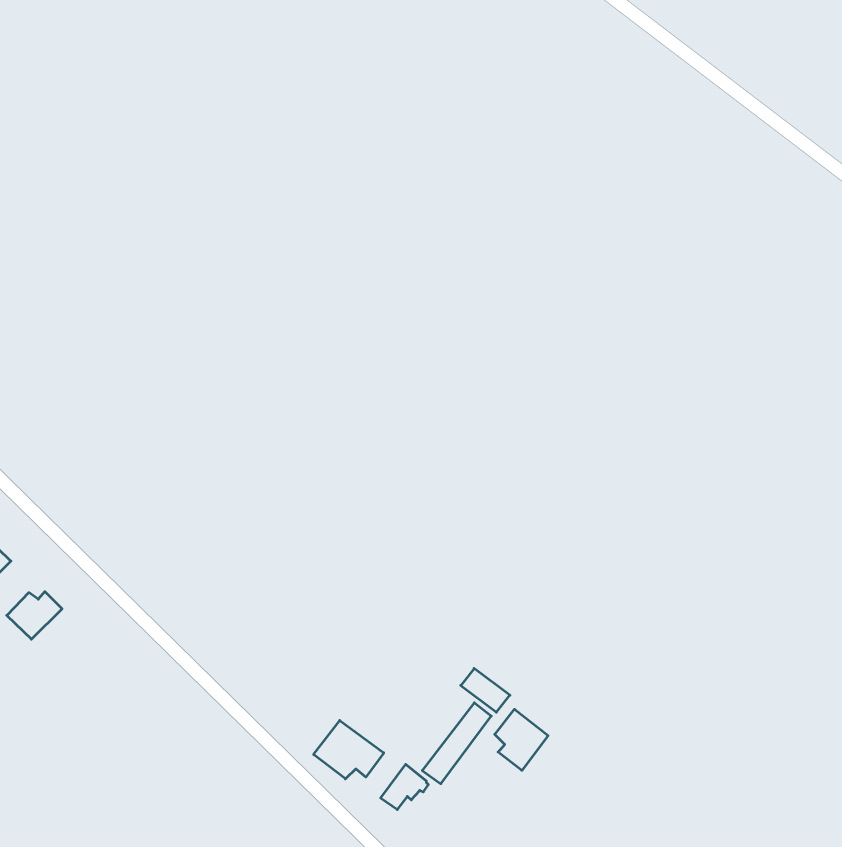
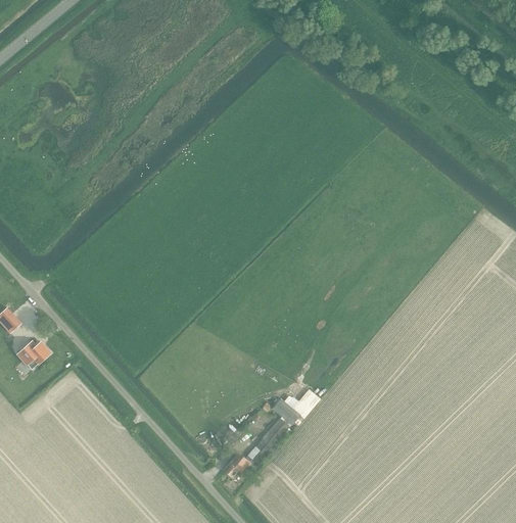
building: [495,709,548,770] -> none
building: [314,720,384,779] -> none

